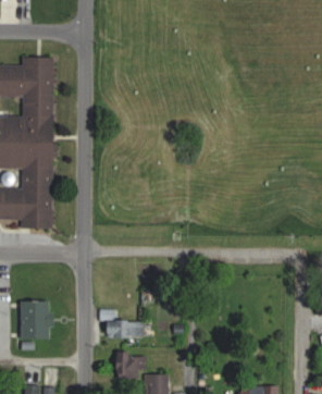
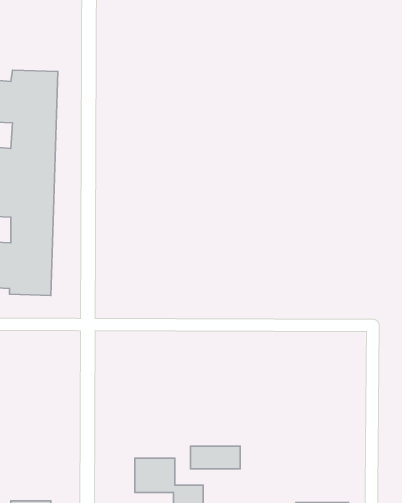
building: [20,301,50,340] -> none
building: [104,320,143,337] -> [190,446,240,469]

